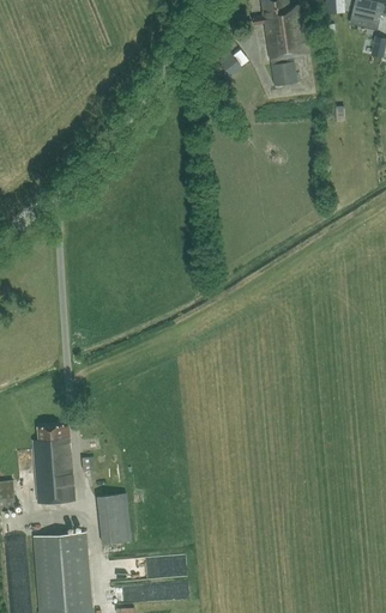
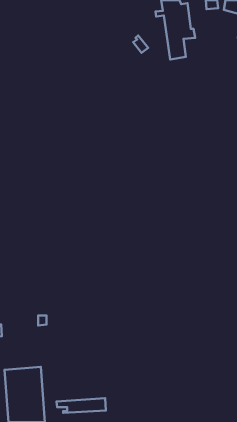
building: [34,426,74,504] -> none
building: [97,493,132,545] -> none

